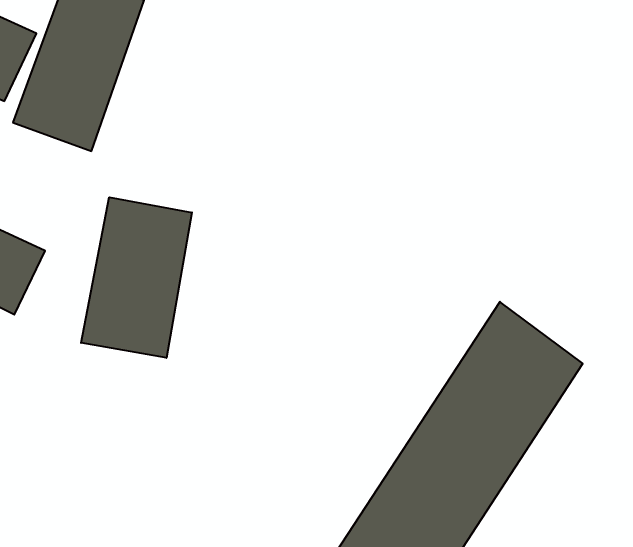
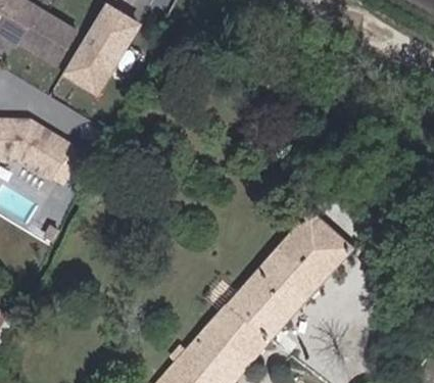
building: [81,197,192,358] -> none

